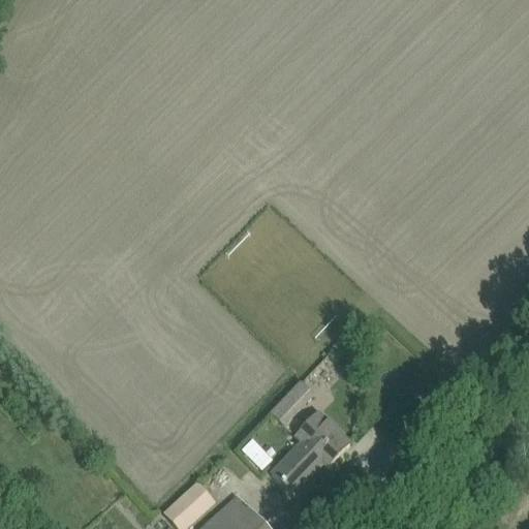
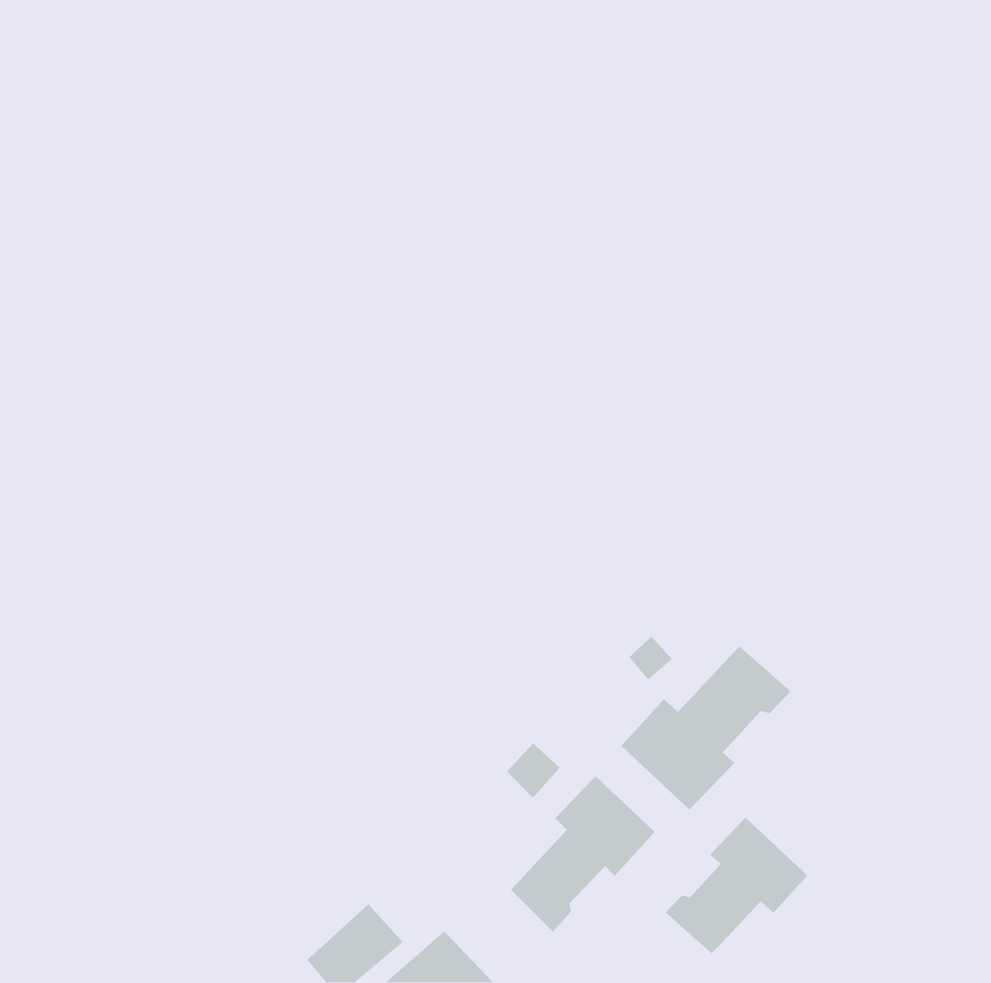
building: none -> [621,645,791,810]
building: none -> [665,817,808,954]

